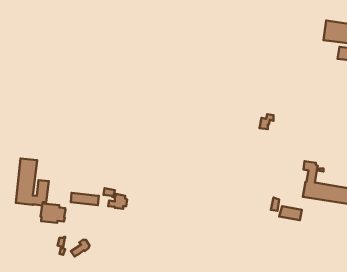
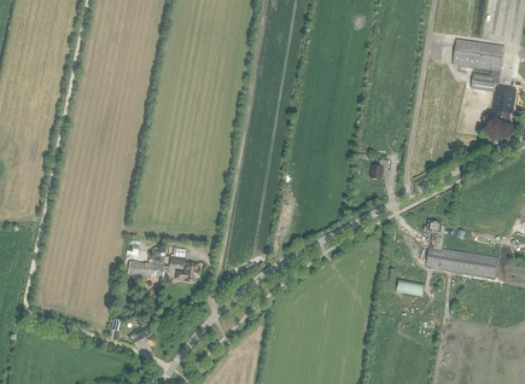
building: [16,158,66,223] -> none

